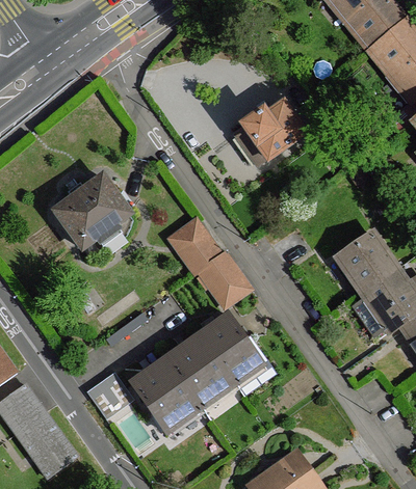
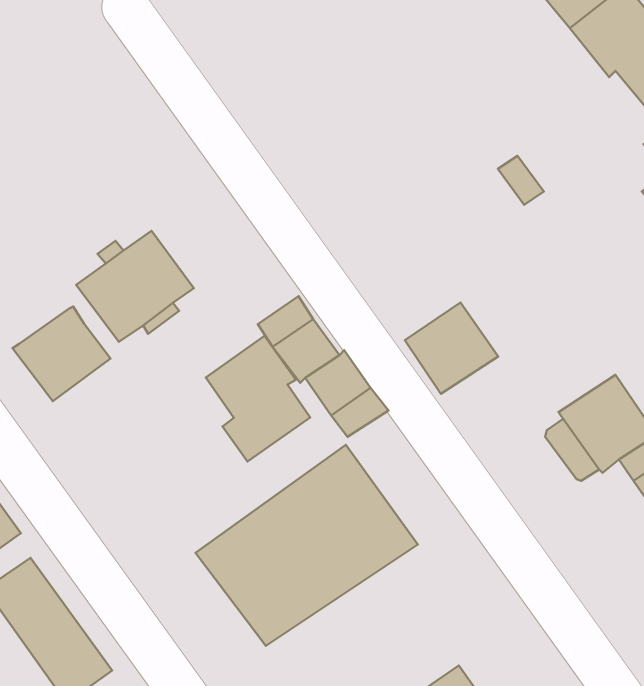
building: [235,104,303,163] -> none
building: none -> [12,306,111,401]
building: [337,234,396,292] -> [405,302,498,394]
building: none -> [206,336,310,462]
building: [88,371,134,419] -> none

